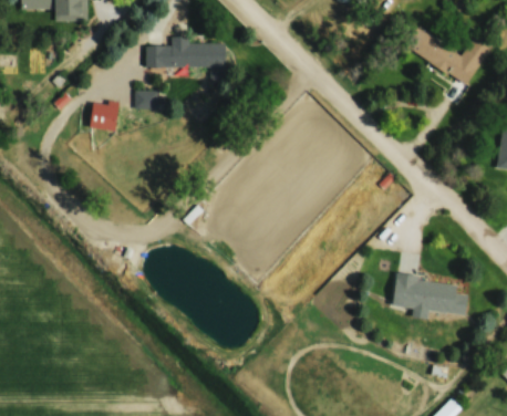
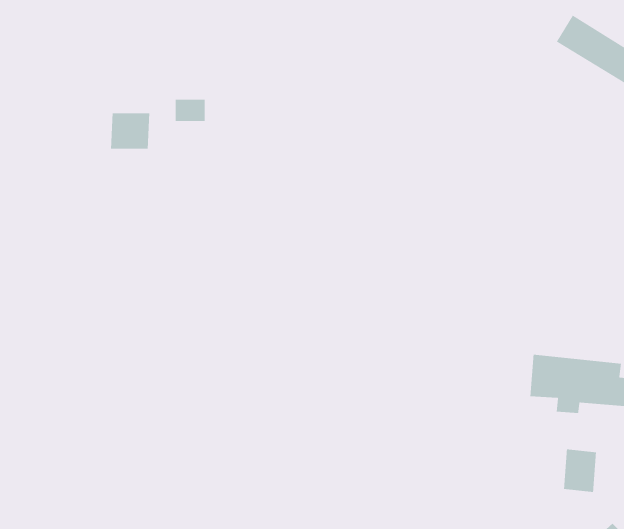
building: [146,37,226,70] -> none
building: none -> [563,449,597,493]

